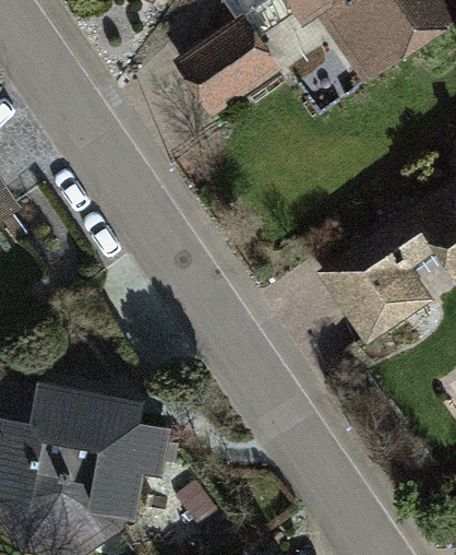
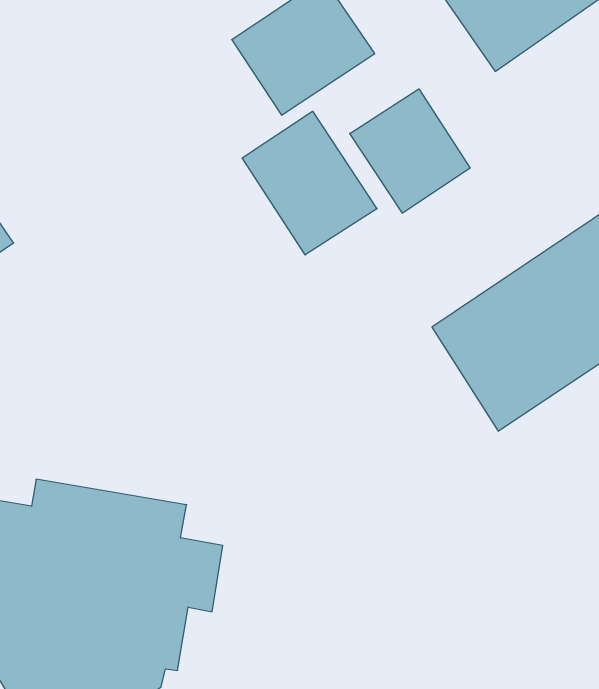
building: none -> [350,89,470,213]
building: none -> [242,111,377,255]

